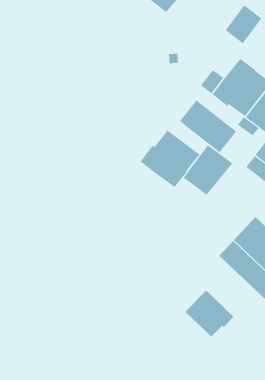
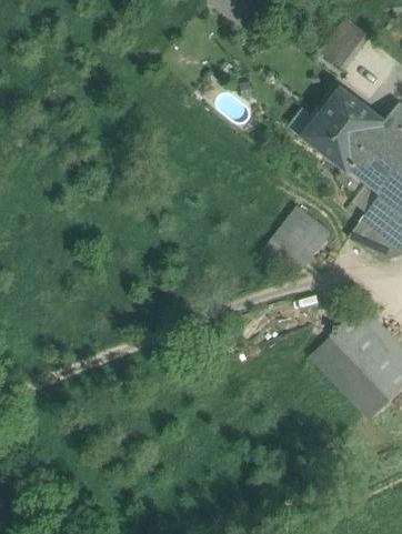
building: [179,100,237,153] -> none
building: [140,129,200,188] -> none
building: [185,290,234,338] -> none

